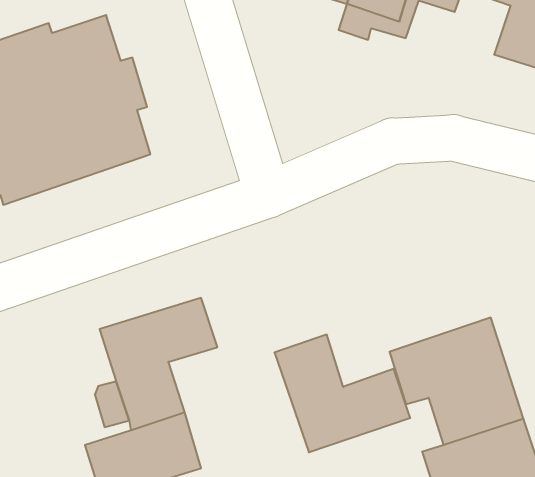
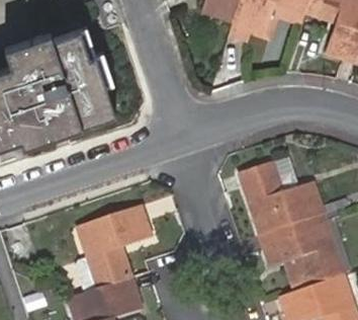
building: [274,335,410,452] -> [239,163,323,236]

